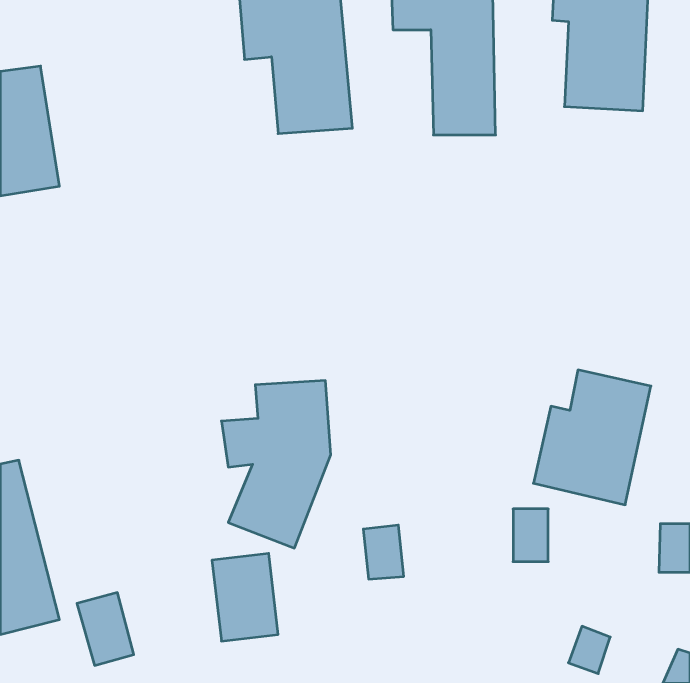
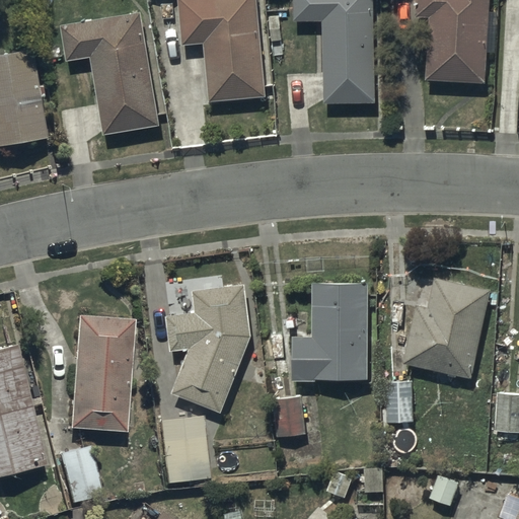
building: none -> [60,12,165,134]
building: none -> [290,283,365,379]
building: none -> [69,317,132,432]

